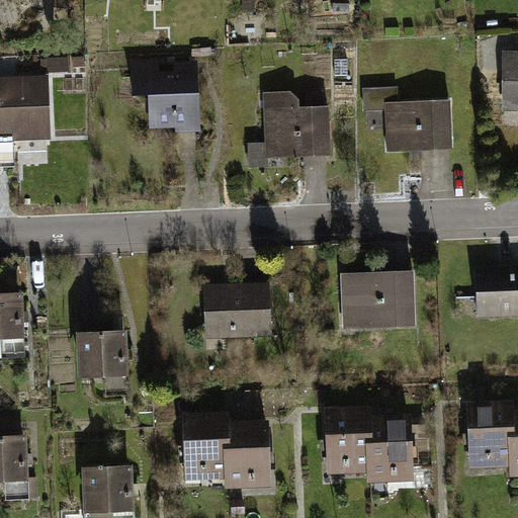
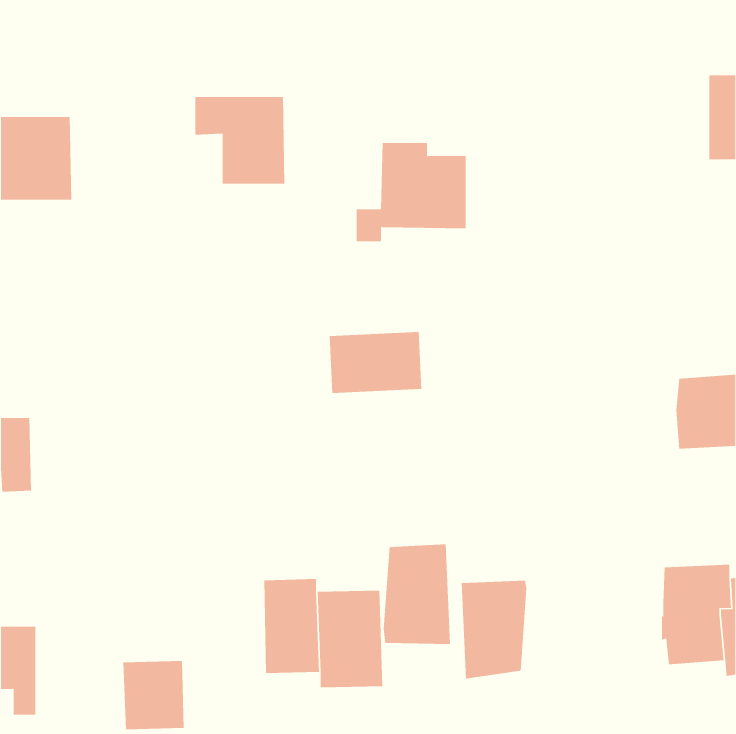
building: [365,91,449,152] -> none
building: [351,281,418,326] -> none
building: [204,284,270,328] -> [329,331,422,393]
building: [79,329,124,386] -> none
building: [366,412,414,483] -> [383,544,451,645]

